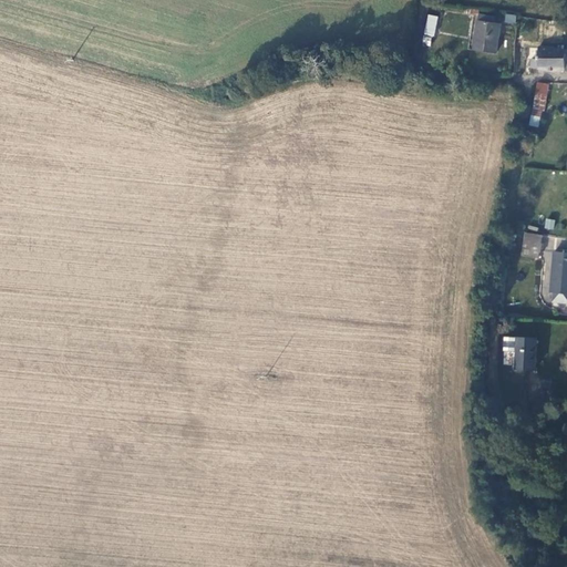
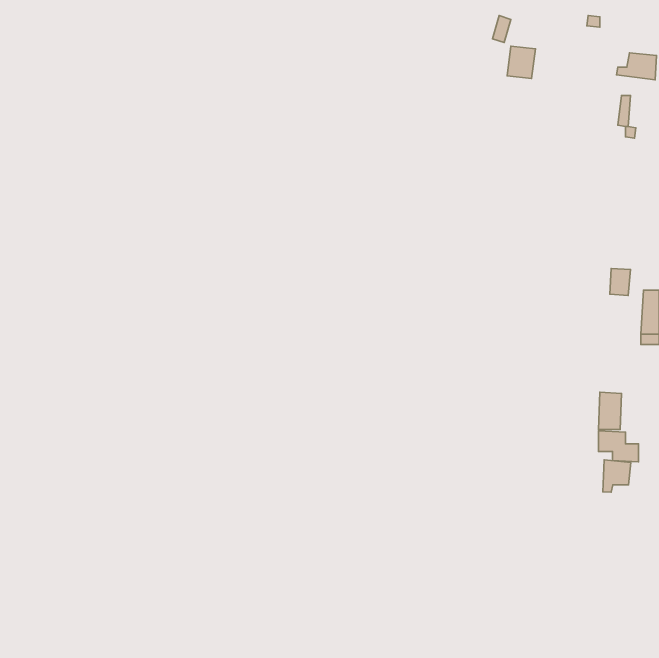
building: [475,20,499,48] -> [507,46,535,79]
building: none -> [603,460,631,492]

